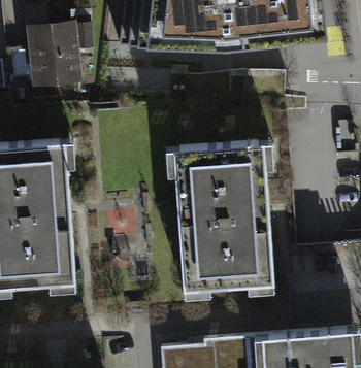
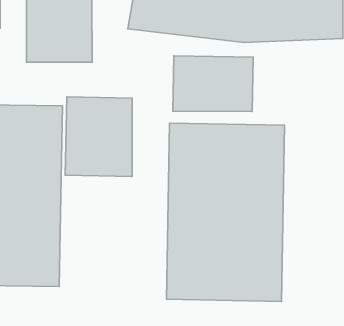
building: none -> [173,56,253,111]
building: none -> [65,97,132,176]

